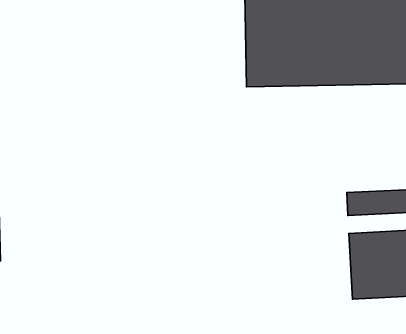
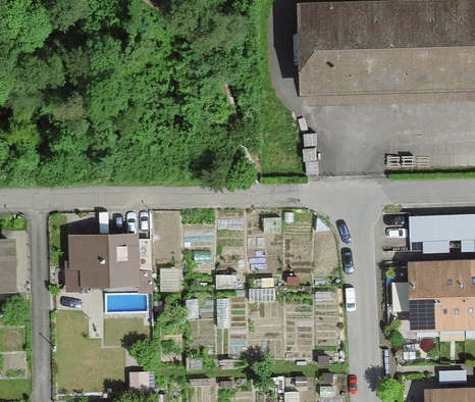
building: none -> [70,235,142,289]

